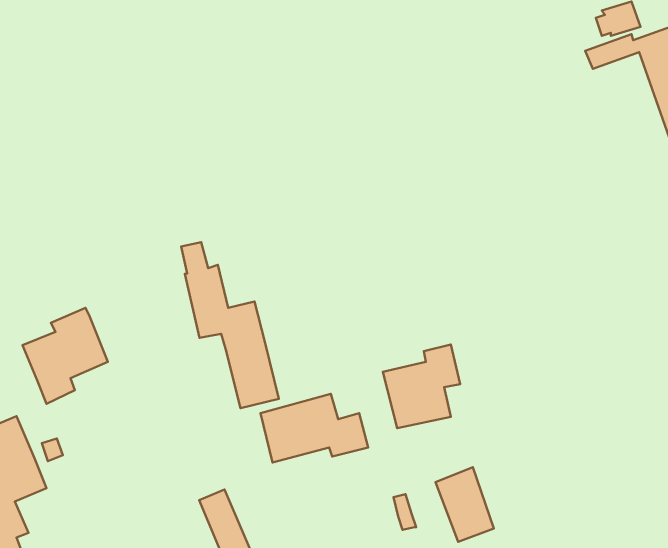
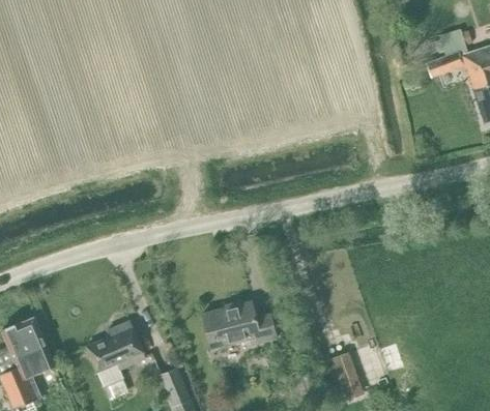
building: [181,242,279,408] -> none
building: [23,308,108,404] -> [87,320,146,386]
building: [383,344,460,428] -> none

